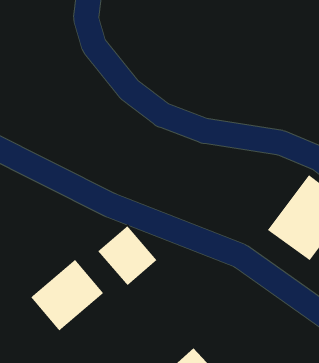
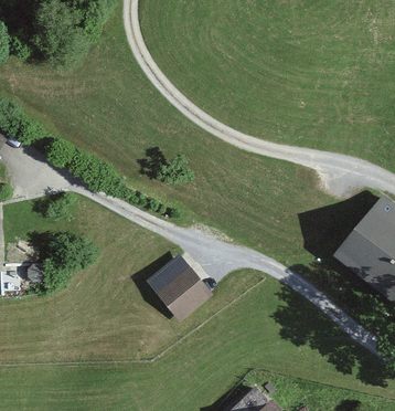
building: [30,259,104,331] -> none

